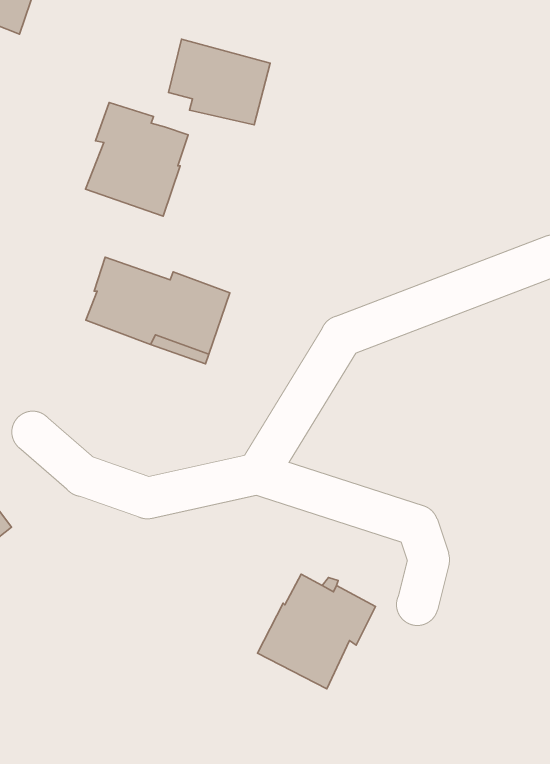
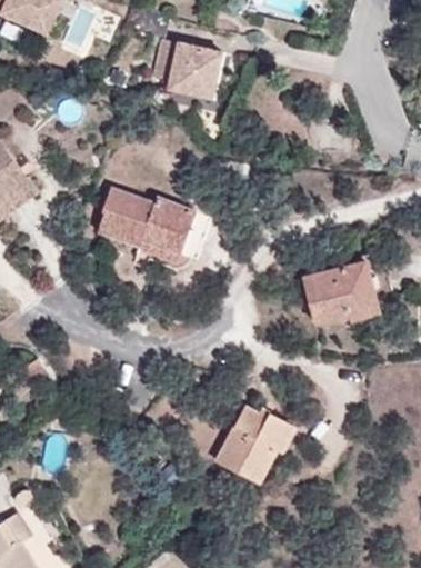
building: [85,102,188,216] -> none
building: none -> [302,261,378,325]

